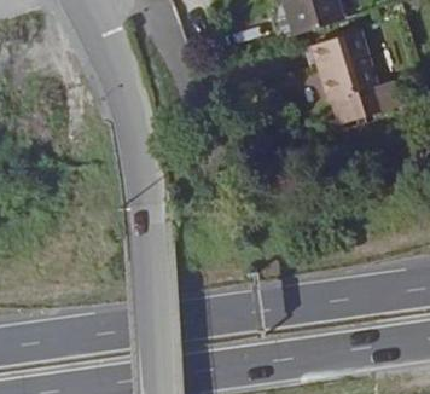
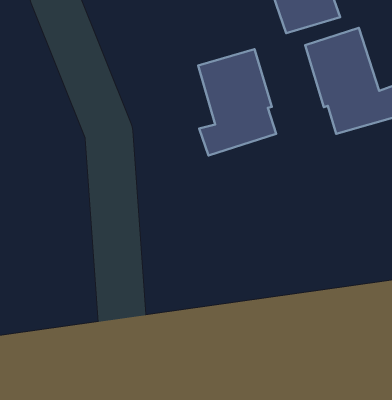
building: none -> [198,49,276,156]

